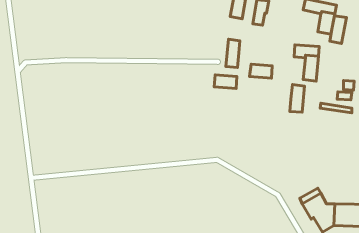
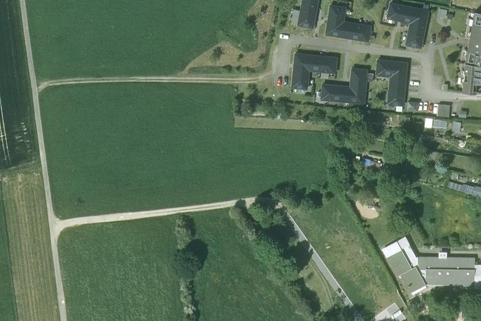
building: none -> [337,22,370,42]
building: [330,16,346,44] -> none
building: [214,75,237,89] -> [308,56,336,73]
building: [290,85,305,112] -> [348,69,366,103]

